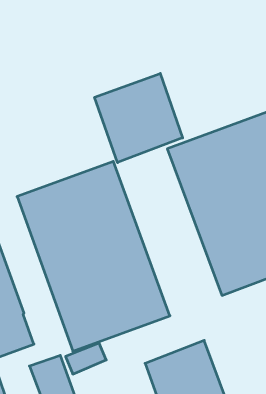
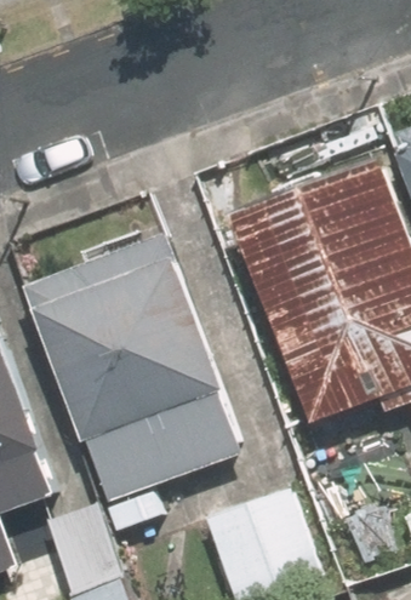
building: [95,73,183,163] -> none

